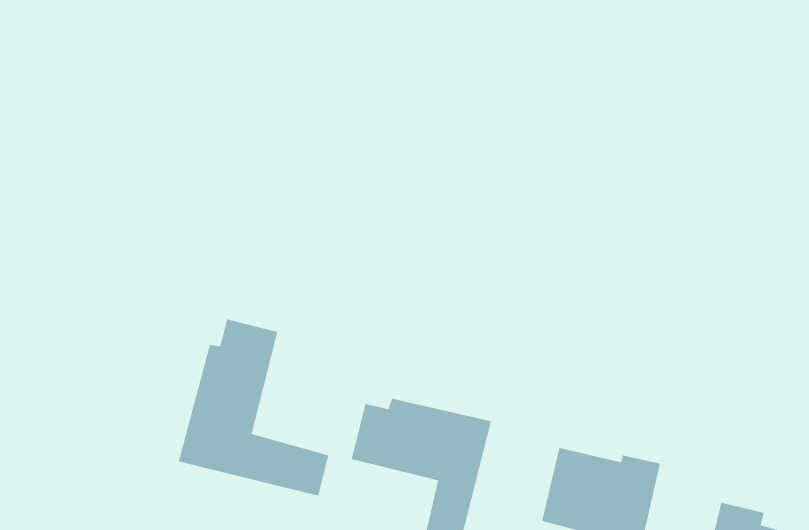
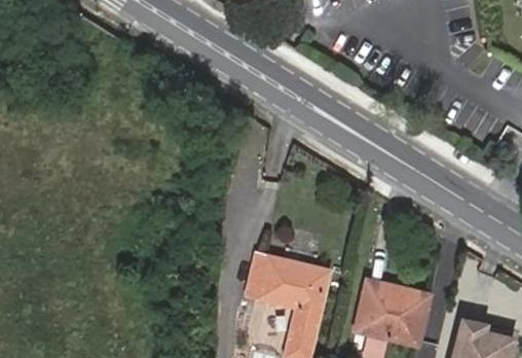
building: [178,319,329,497] -> none

